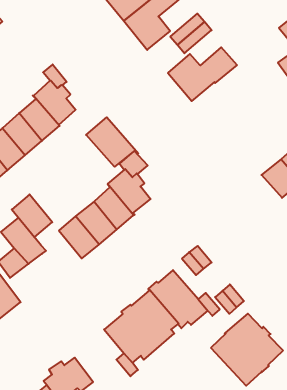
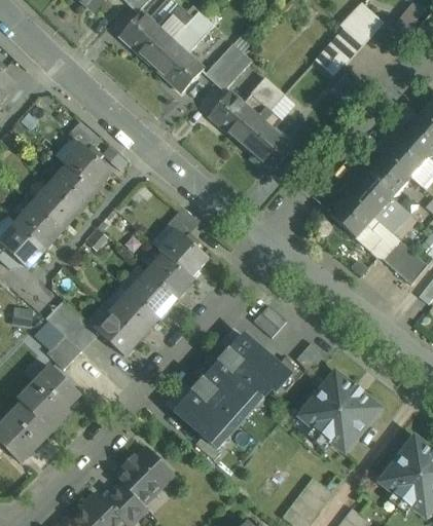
building: none -> [239,118,292,171]
building: [86,117,138,167] -> none
building: [12,194,52,237] -> [93,308,140,355]

